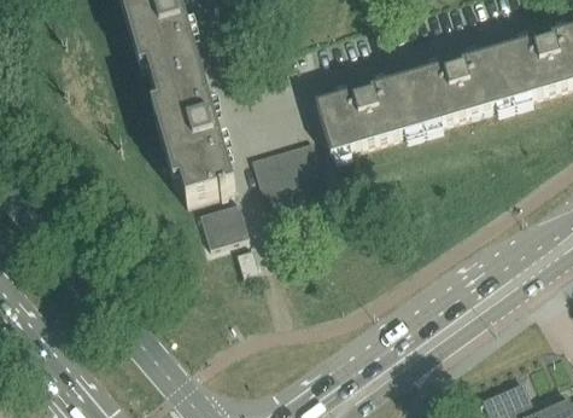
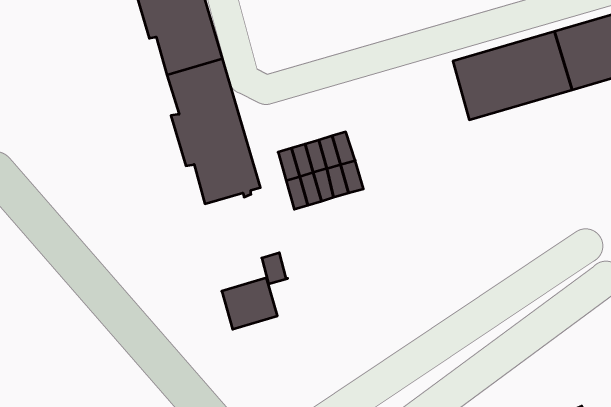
building: [314,71,420,150] -> none
building: [198,196,247,242] -> [222,278,277,329]

